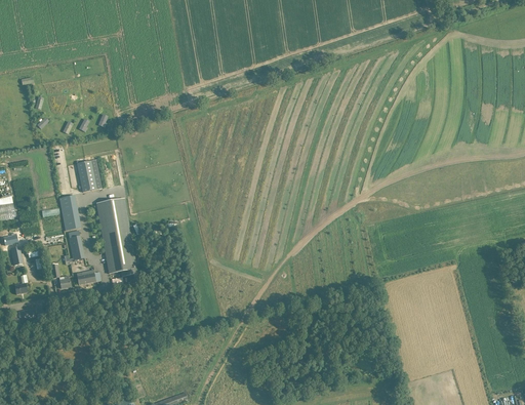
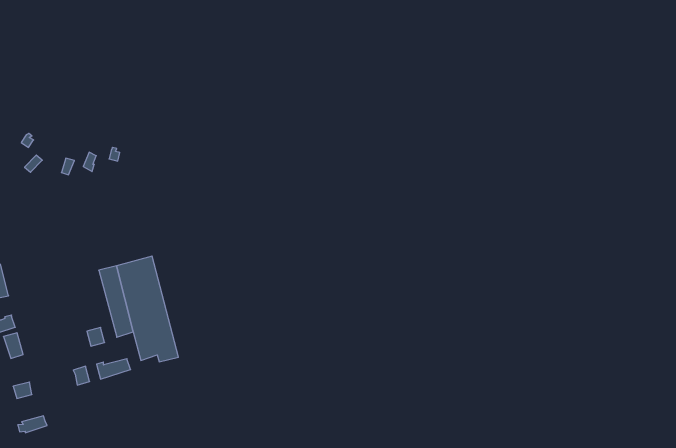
building: [76,159,100,192] -> none
building: [58,195,80,231] -> none

